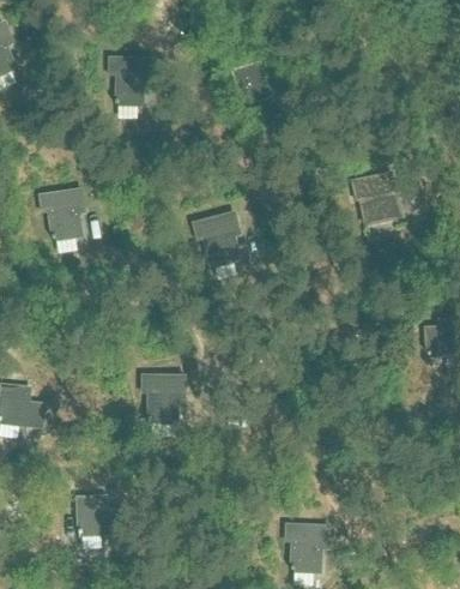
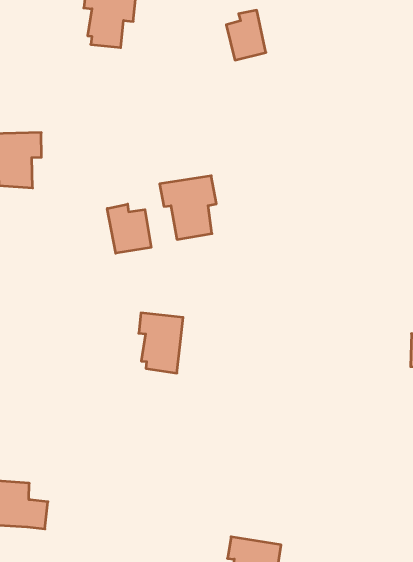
building: [351,170,402,226] -> none
building: none -> [107,204,151,253]
building: [143,374,180,423] -> [139,313,183,373]

